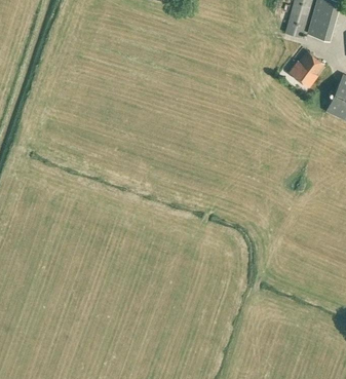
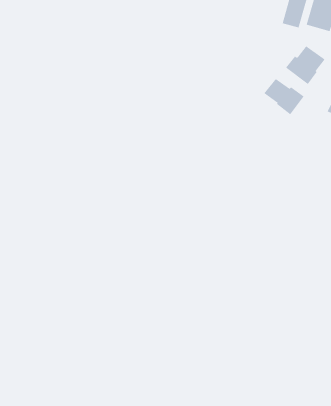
building: none -> [264,78,304,115]

